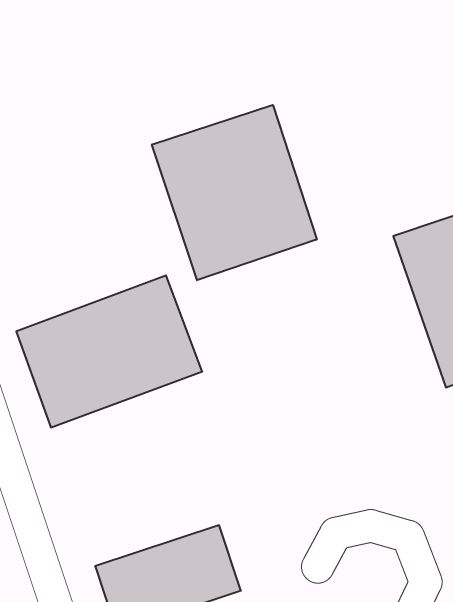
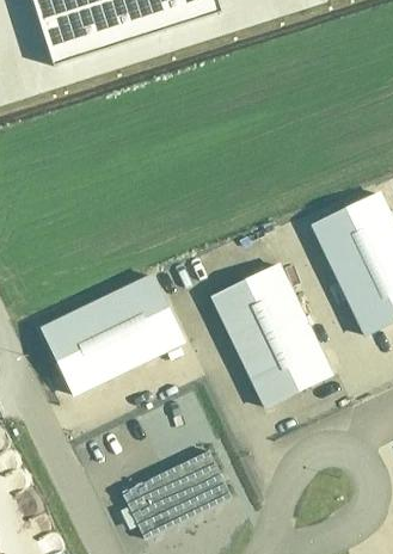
building: [152,105,317,280] -> none
building: none -> [211,264,331,405]

